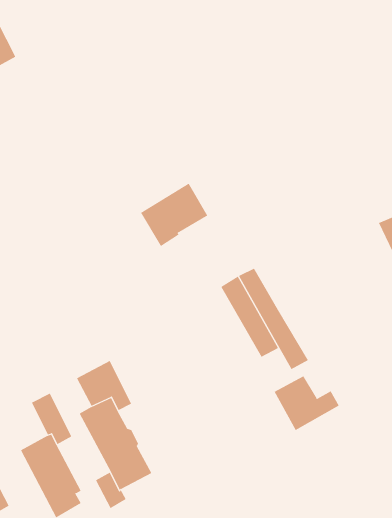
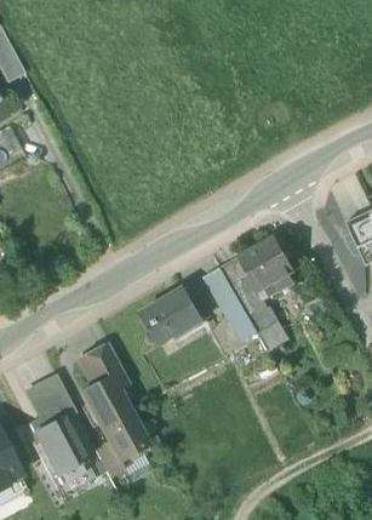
building: [140,183,208,247] -> [144,287,205,344]
building: none -> [239,236,301,298]
building: [274,376,340,431] -> none

